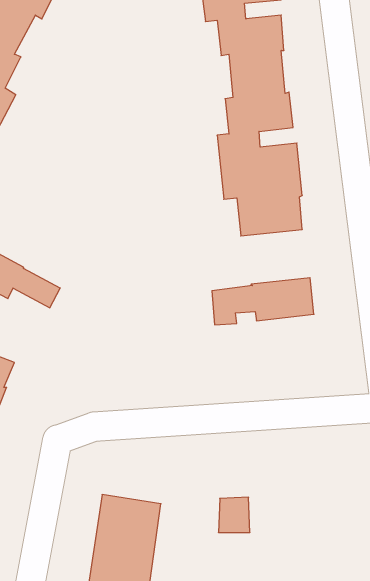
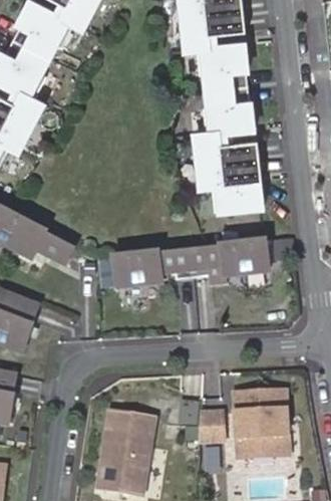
building: none -> [115,252,194,287]
building: none -> [233,390,286,456]

